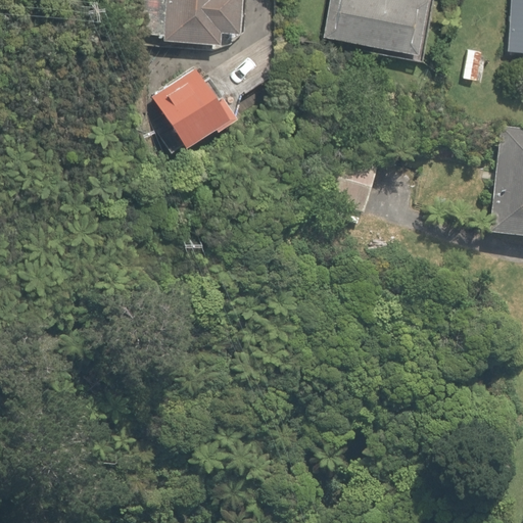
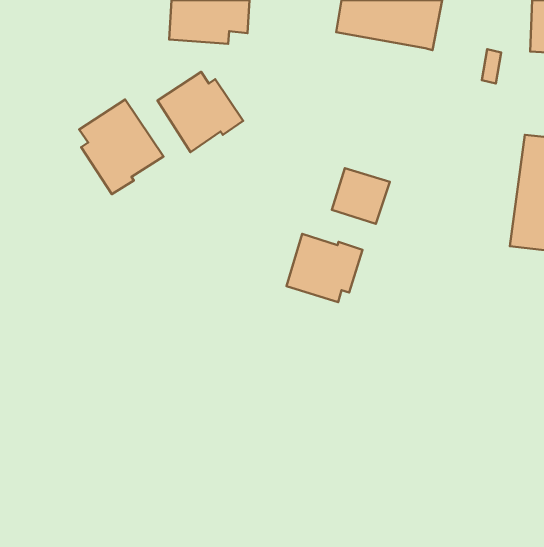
building: none -> [79,99,164,194]
building: none -> [287,234,363,302]

